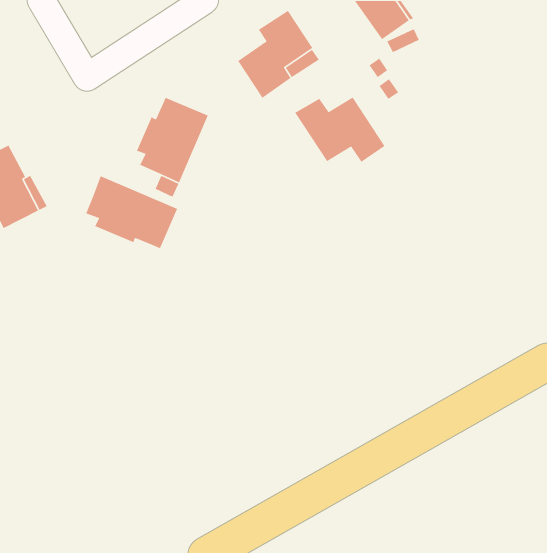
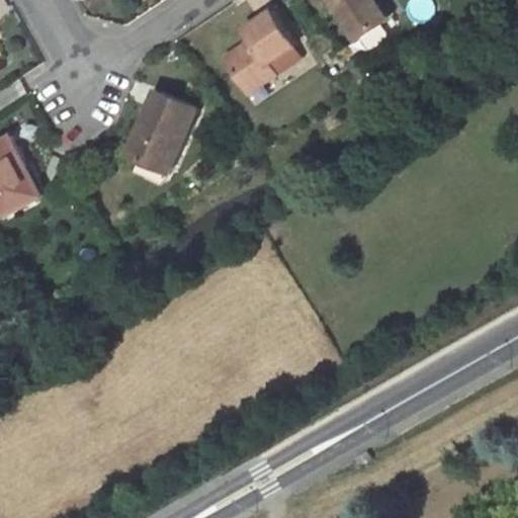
building: [294,97,386,163] -> none
building: [85,175,178,249] -> none

